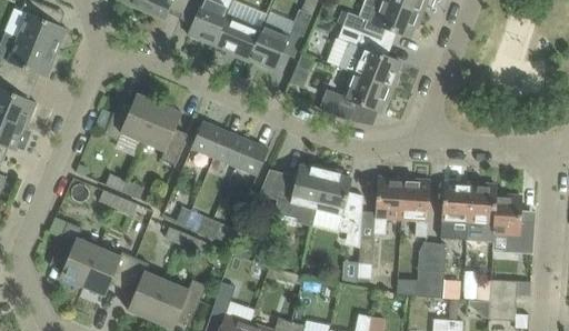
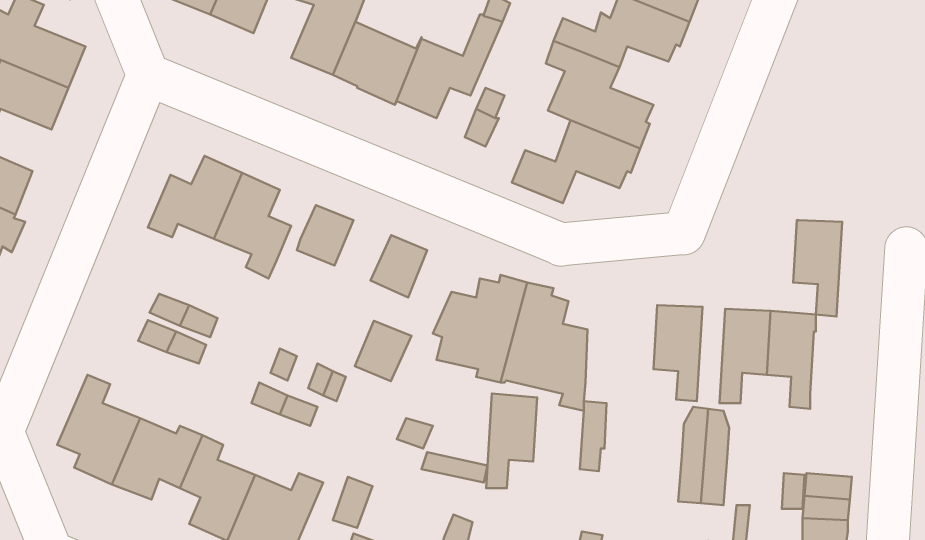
building: [213,130,247,165] -> [355,321,411,381]
building: [373,178,403,233] -> [486,394,537,488]
building: [493,195,522,252] -> [793,220,842,316]

